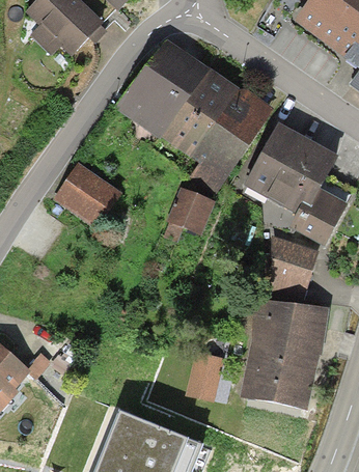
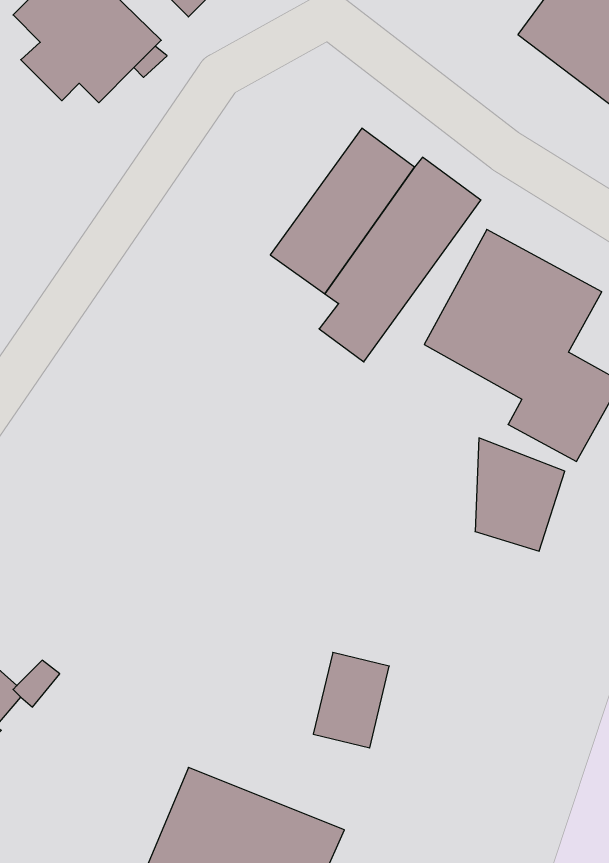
building: [115,40,211,139] -> none
building: [54,163,122,228] -> none
building: [166,187,214,233] -> none
building: [241,297,329,411] -> none

